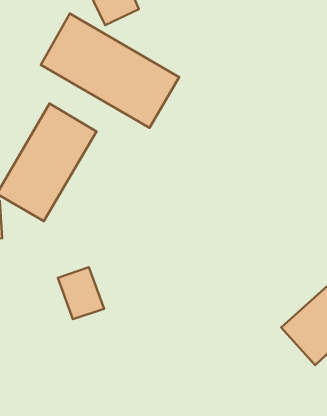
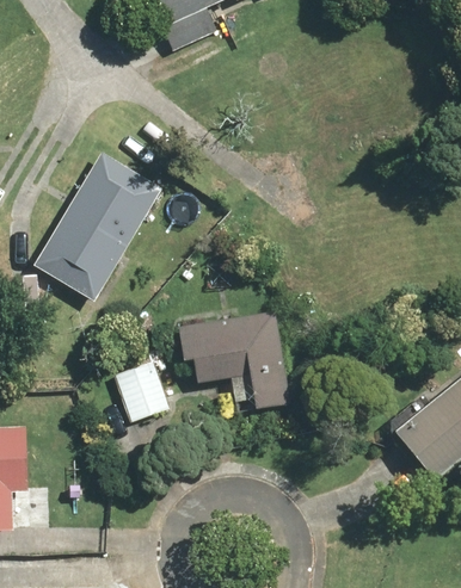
building: [41,14,179,128] -> none
building: none -> [180,314,287,408]

